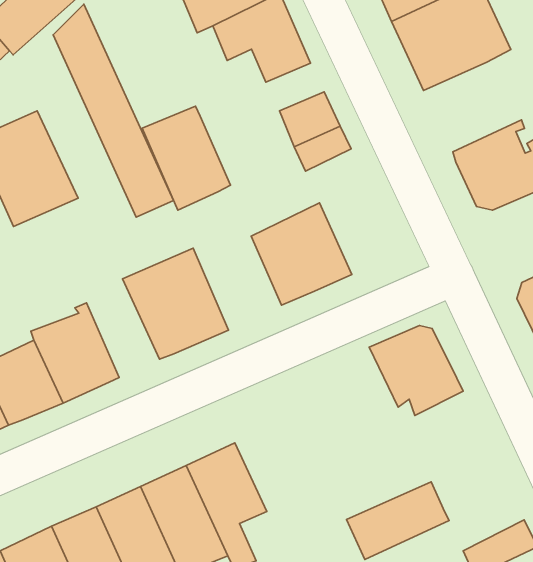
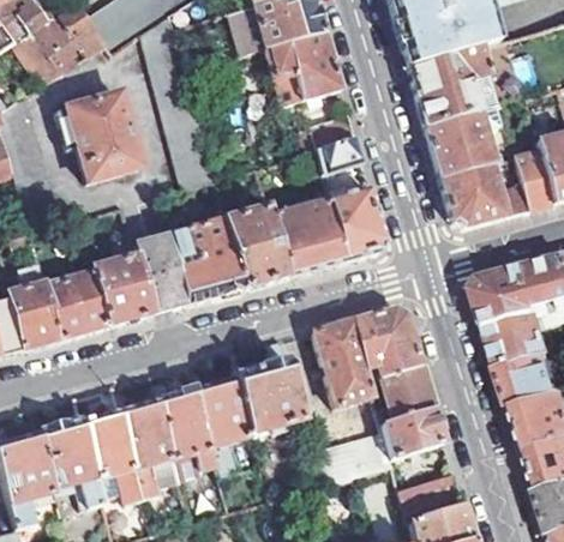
building: none -> [425,109,498,175]
building: [142,106,231,210] -> [226,209,288,288]
building: none -> [330,188,383,259]
building: none -> [136,235,186,312]
building: none -> [311,318,373,406]
building: none -> [235,339,305,434]
building: none -> [378,363,444,456]

